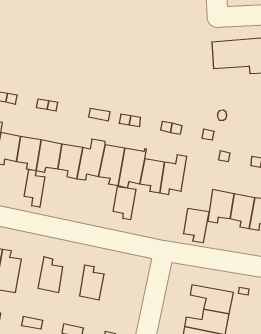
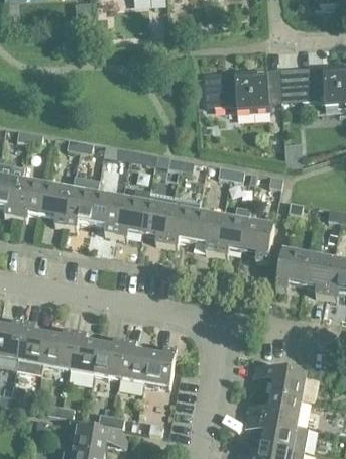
building: none -> [203,69,281,112]
building: [24,169,45,207] -> none
building: [113,187,136,220] -> none
building: [183,209,209,243] -> [242,220,273,261]
building: none -> [42,328,75,368]
building: none -> [93,338,124,377]
building: none -> [142,346,176,387]

